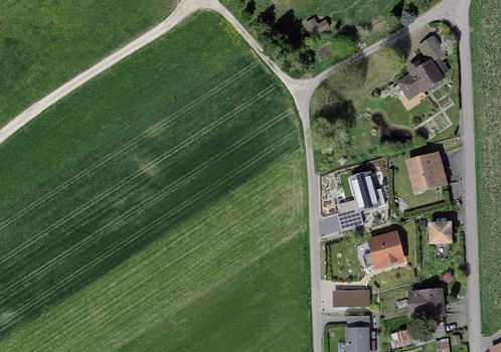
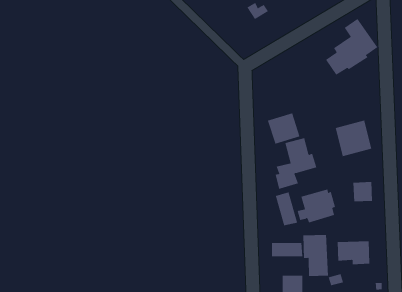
building: none -> [267,113,300,144]
building: none -> [275,192,298,226]
building: none -> [303,234,329,277]

